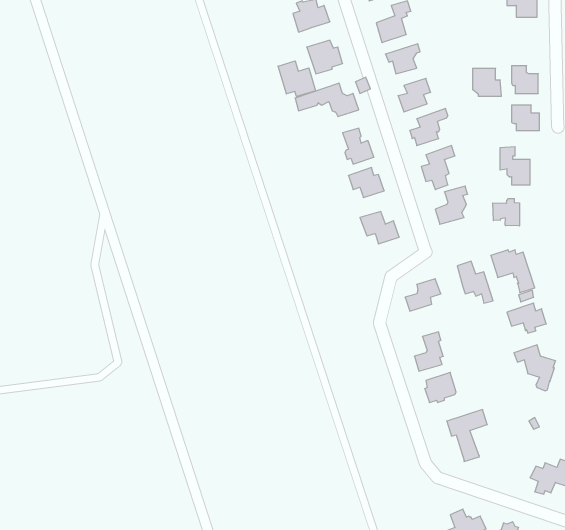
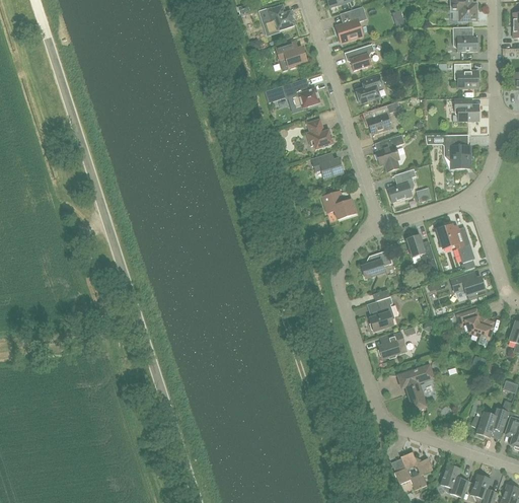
building: [278,61,316,96] -> none
building: [473,68,501,96] -> [452,26,477,51]
building: [493,199,519,226] -> none

